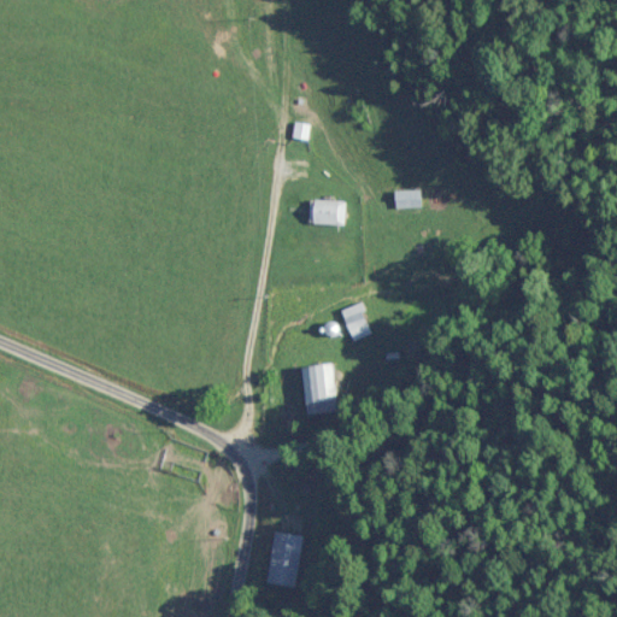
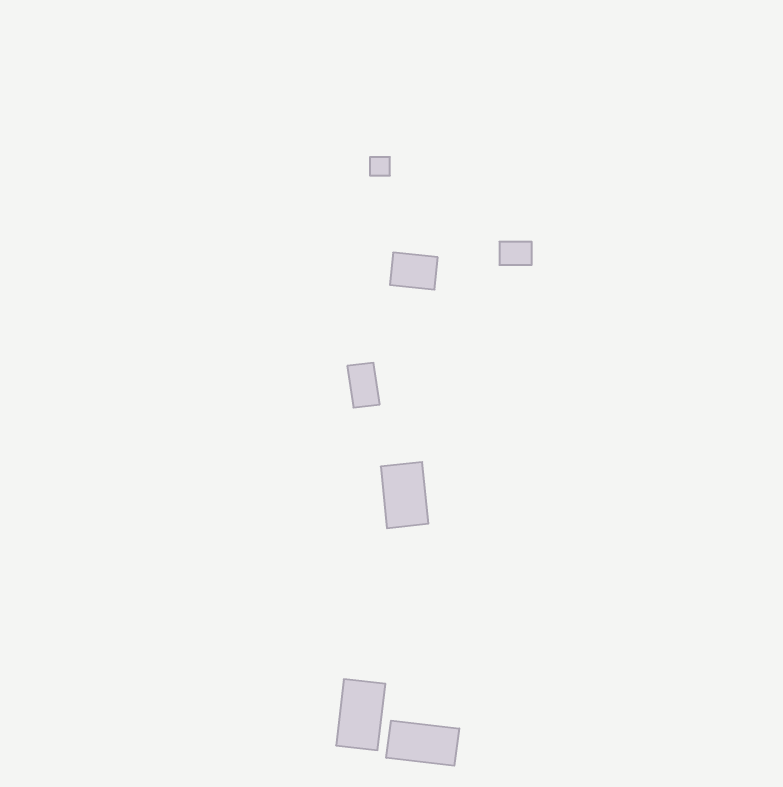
building: [345,304,370,339] -> [347,363,380,408]
building: none -> [386,721,459,766]

